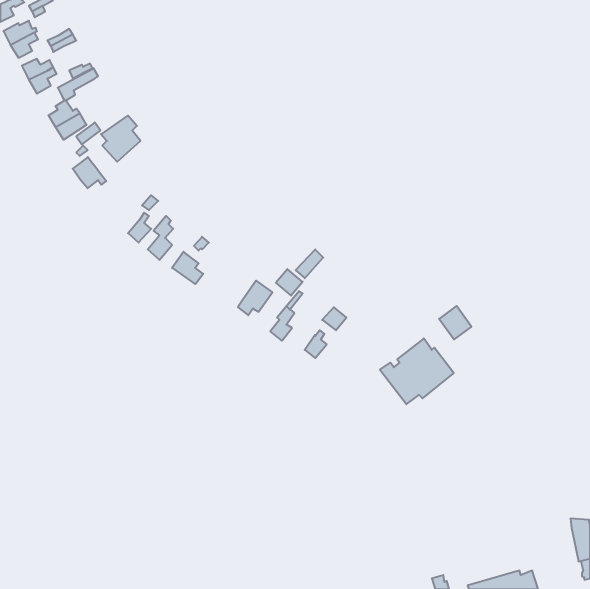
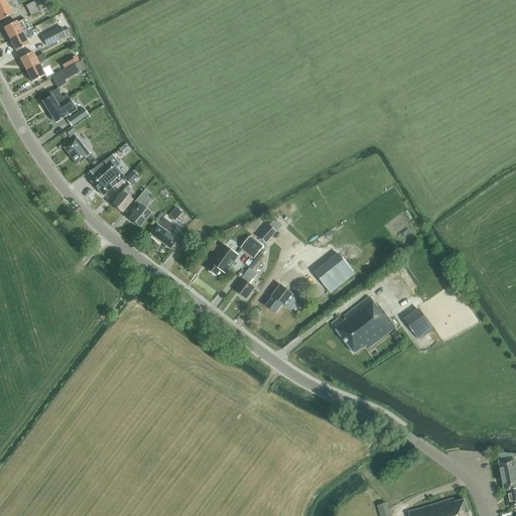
building: [101,116,140,162] -> [89,154,123,195]
building: none -> [314,253,353,292]
building: [439,306,471,339] -> [405,309,433,339]

